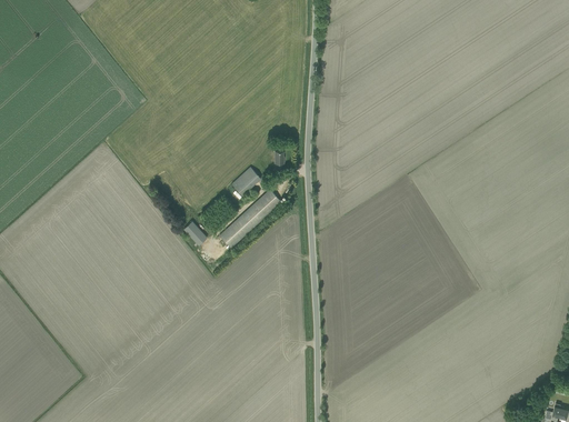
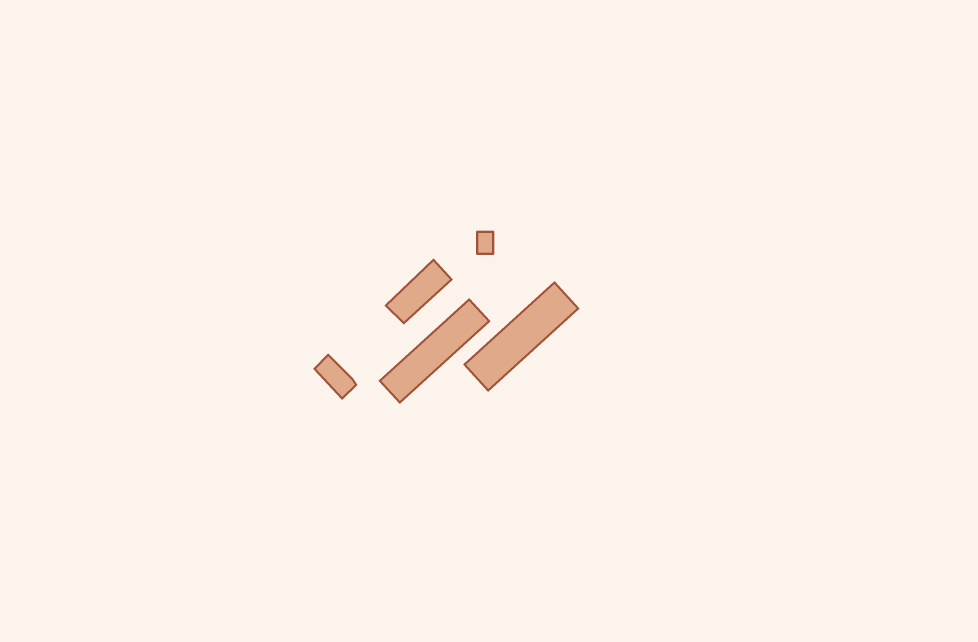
building: none -> [464,282,578,390]

